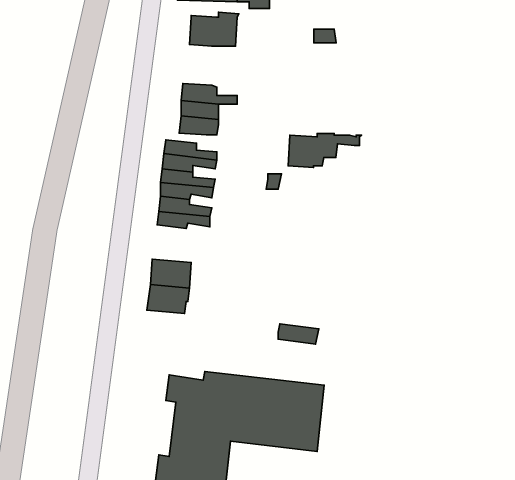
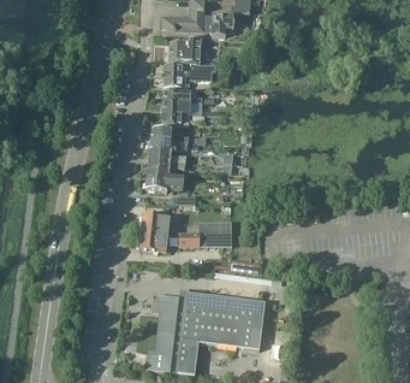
building: [288,134,361,168] -> [165,63,216,87]
building: none -> [179,223,232,247]

